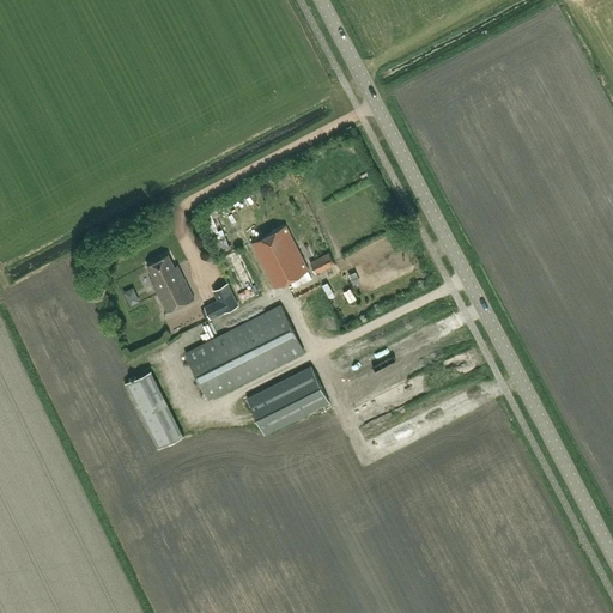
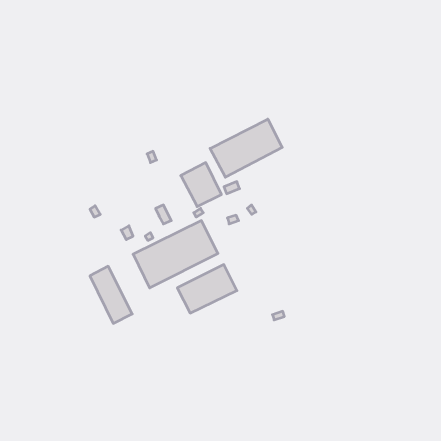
building: none -> [210,119,282,177]
building: [146,255,193,312] -> none

